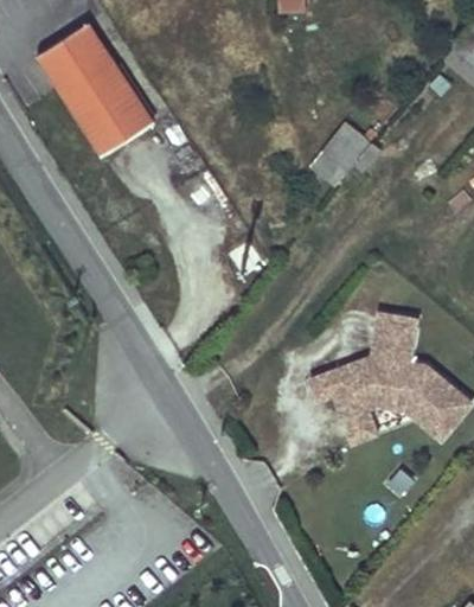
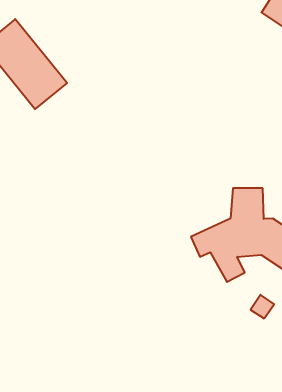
building: [316,130,374,192] -> none

